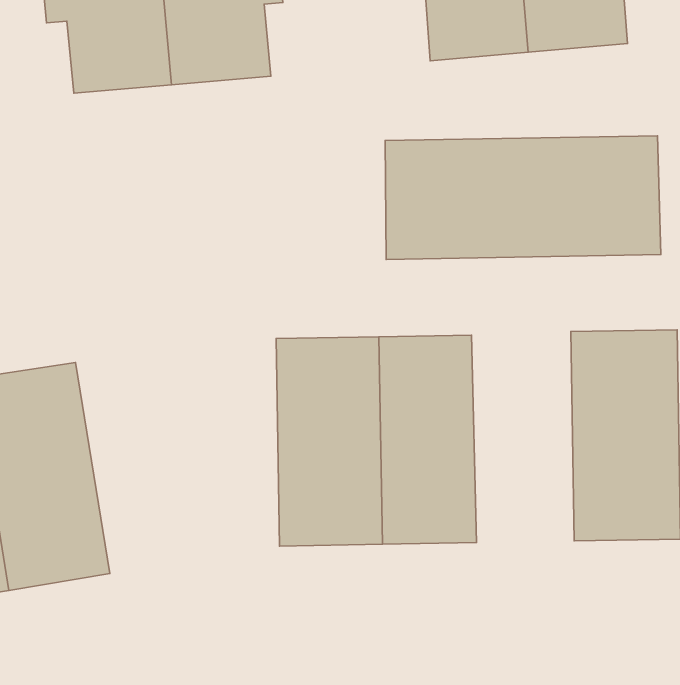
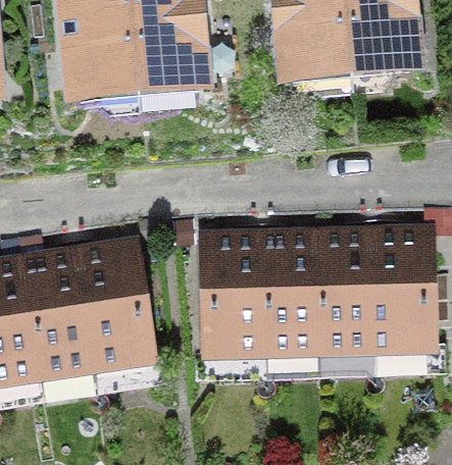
building: [385,136,661,259] -> none
building: none -> [314,228,375,354]
building: none -> [79,237,161,372]

